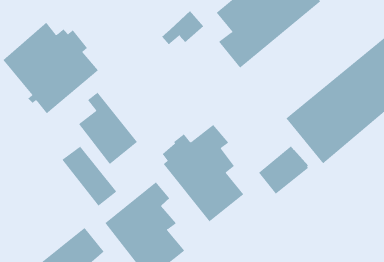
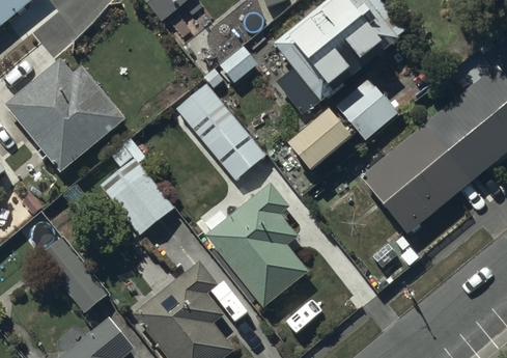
building: none -> [332,74,398,140]
building: none -> [175,84,265,180]
building: [258,145,309,195] -> [287,110,350,171]
building: [61,146,117,206] -> [37,233,107,309]

